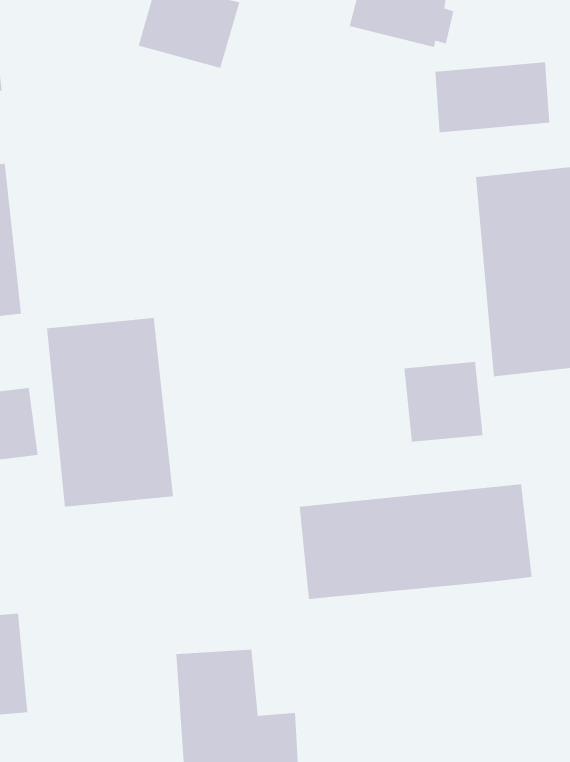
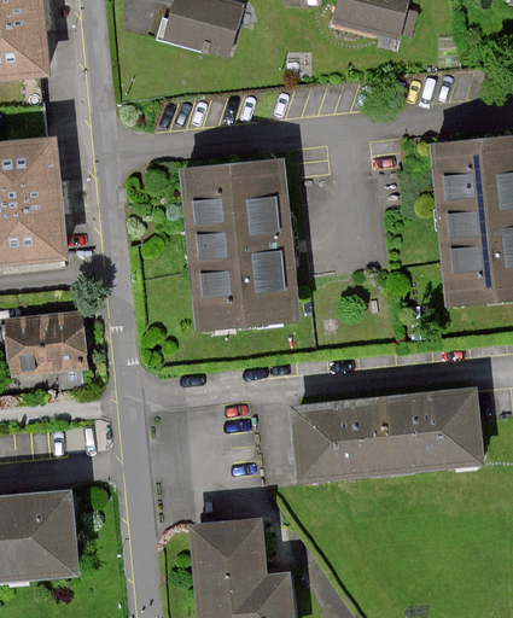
building: [435,61,550,133] -> none
building: [46,318,174,507] -> [190,170,292,322]
building: [404,361,483,442] -> none

